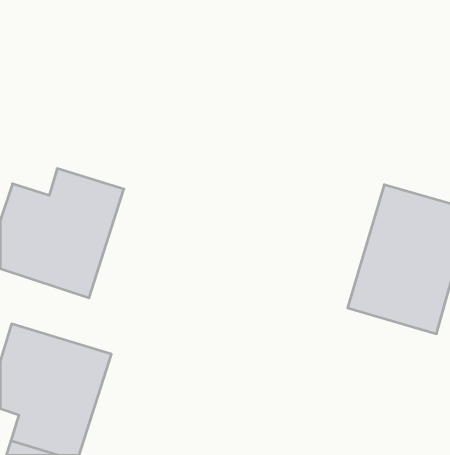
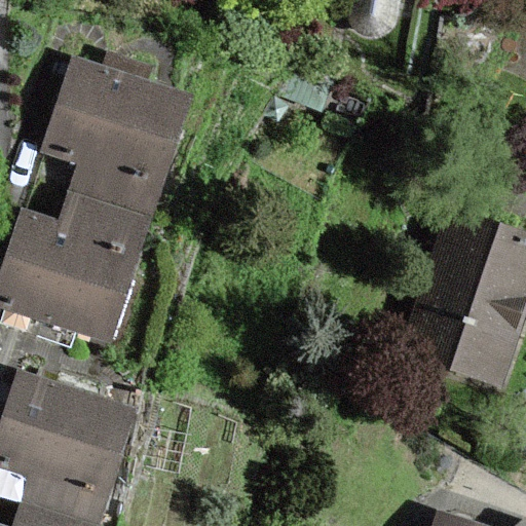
building: none -> [43,59,188,218]

